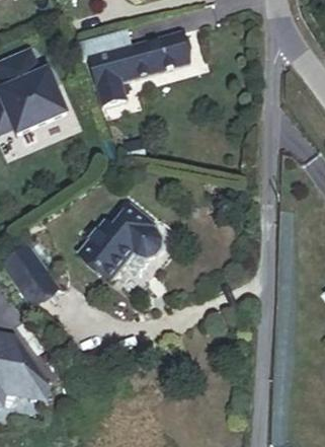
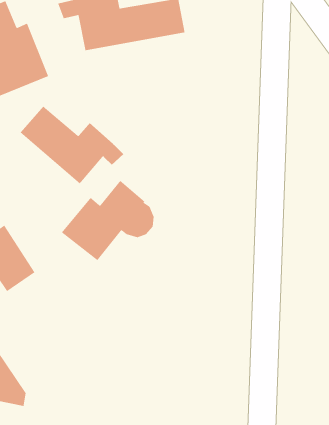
building: none -> [19,106,124,184]

